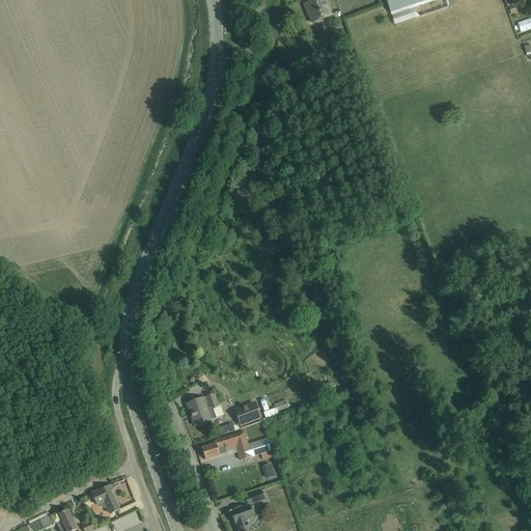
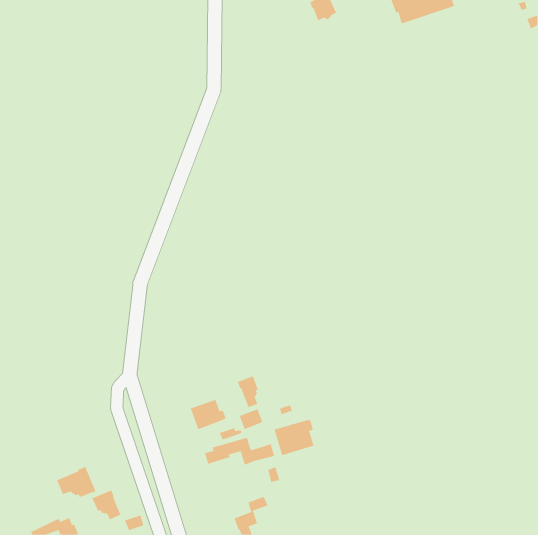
building: none -> [237,375,258,408]
building: none -> [274,420,314,456]
building: none -> [57,466,96,498]

